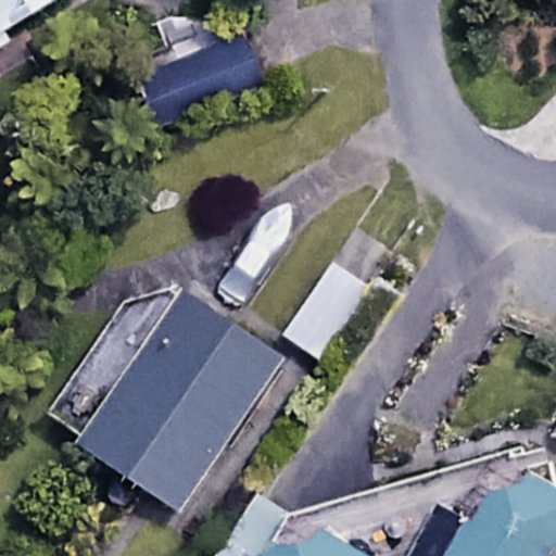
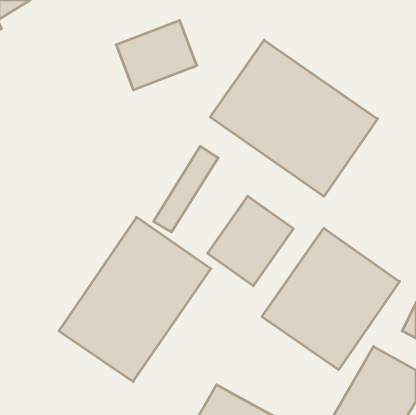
building: none -> [210,40,378,196]
building: none -> [262,228,400,370]

